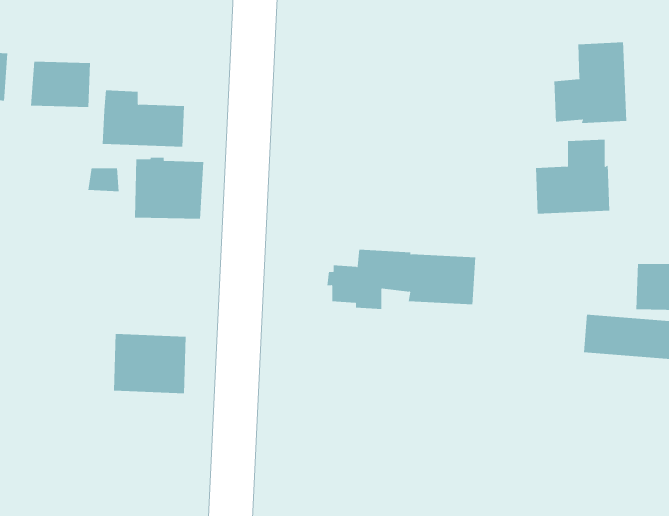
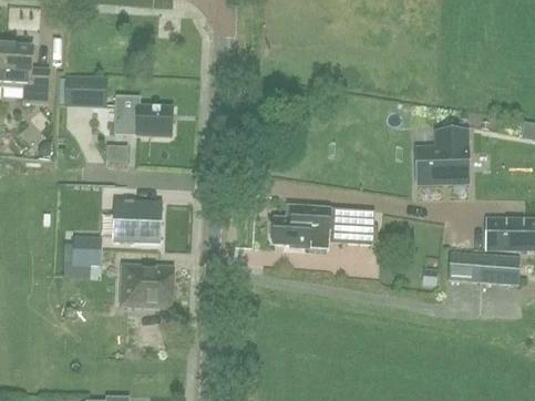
building: [554,41,627,124] -> none
building: [134,157,204,219] -> [113,199,162,243]
building: none -> [73,238,100,265]

